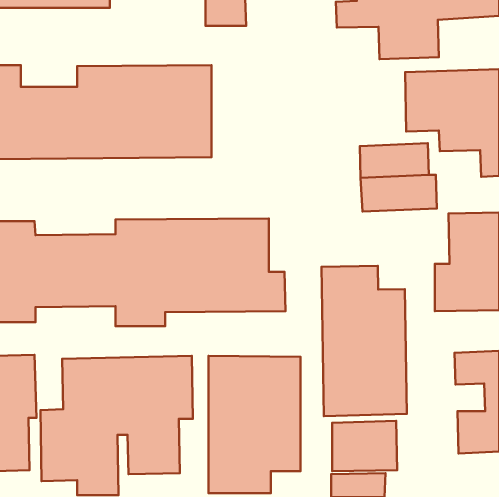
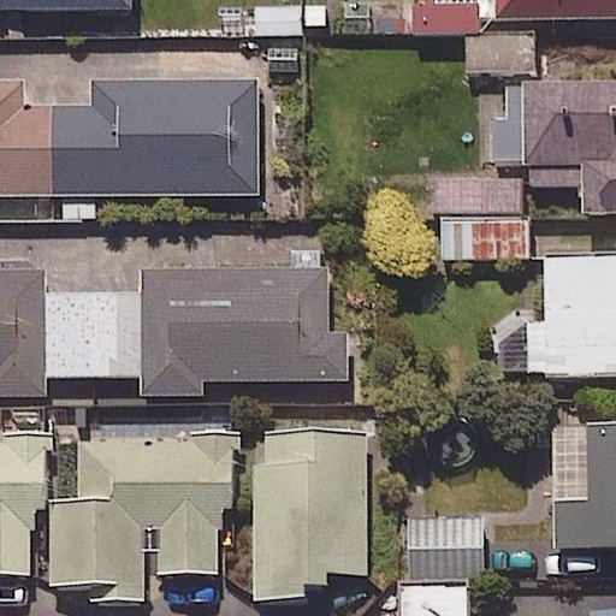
building: [321,266,407,416] -> none

